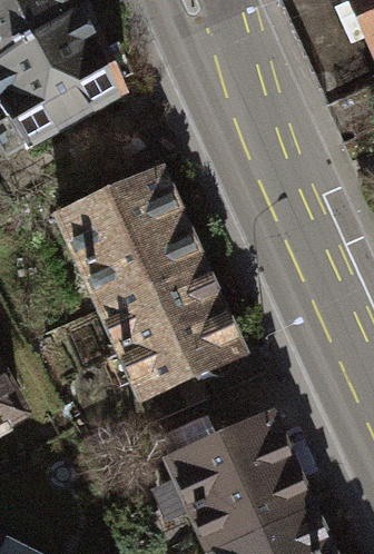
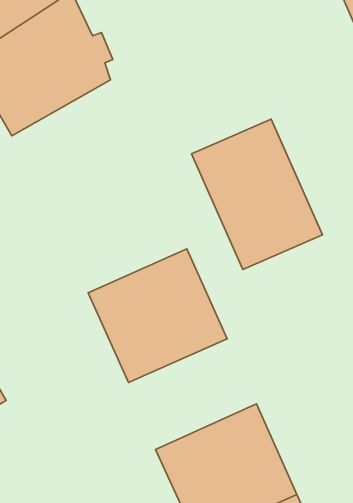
building: none -> [192,119,322,269]
building: [63,175,200,307] -> none

